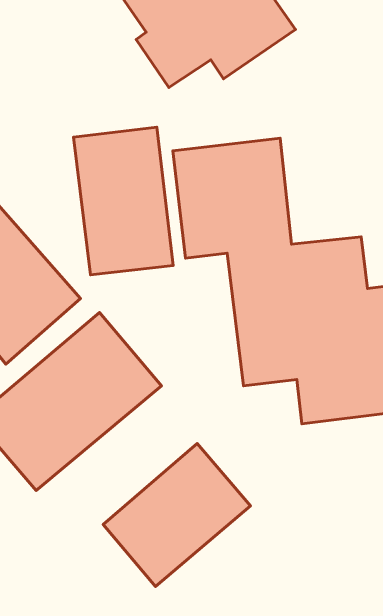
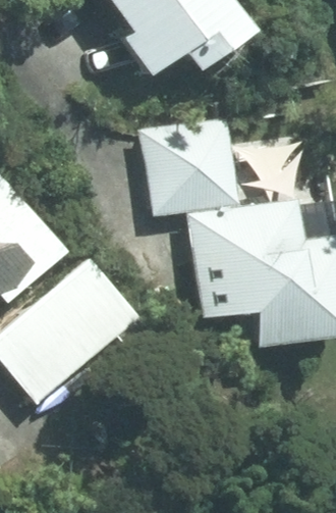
building: [74,127,173,275] -> none
building: [103,444,250,587] -> none

